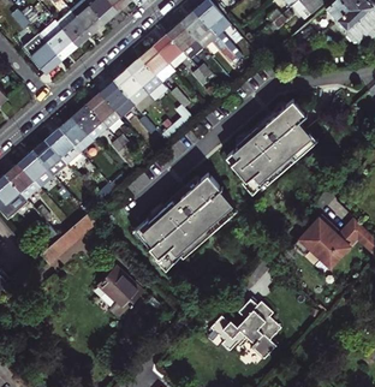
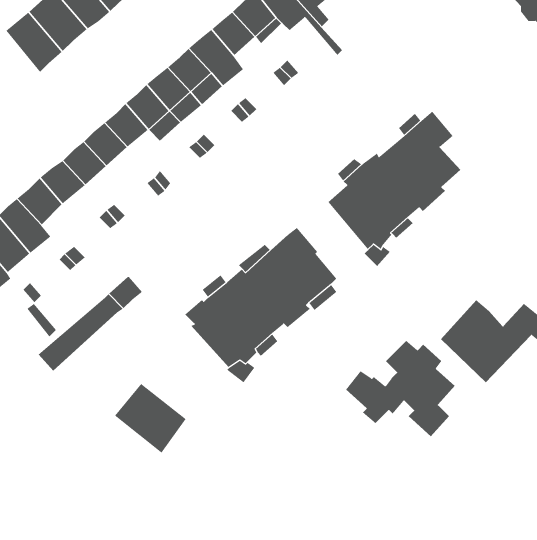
building: [210,300,280,362] -> [345,340,456,437]

